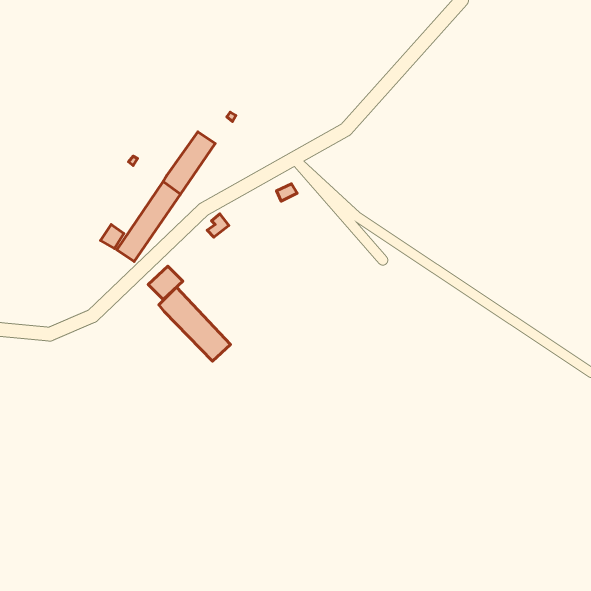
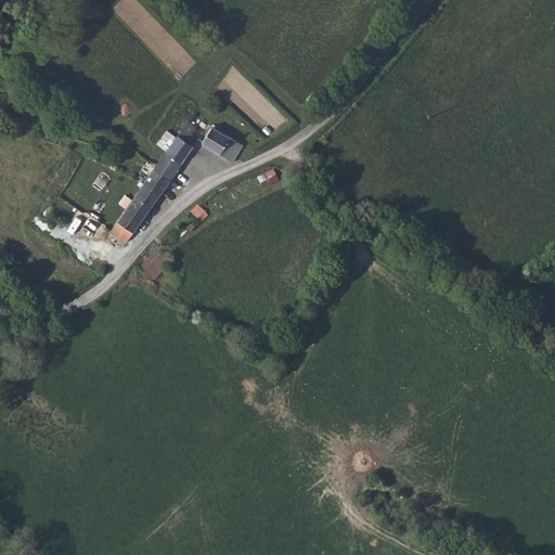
building: none -> [201,128,242,164]
building: [159,287,231,361] -> none

